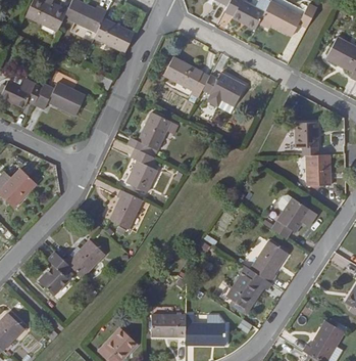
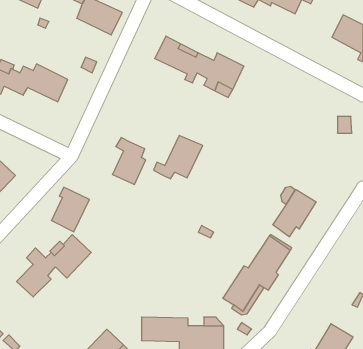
building: [126,114,171,153] -> [154,135,203,179]
building: [295,121,332,186] -> none
building: [107,190,142,231] -> [51,187,89,232]

